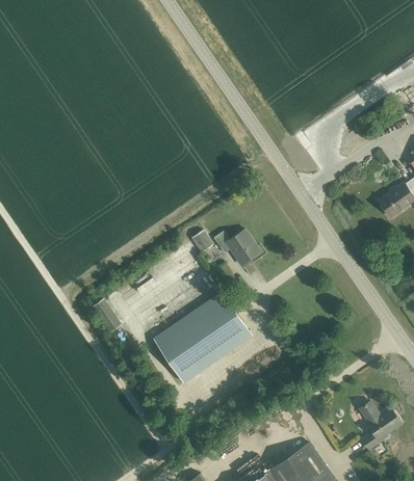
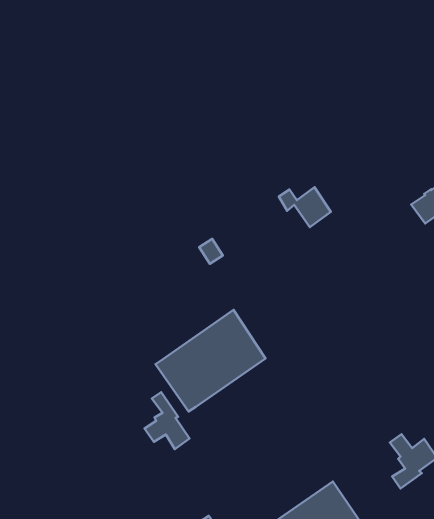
building: [214,230,260,265] -> [279,187,331,227]
building: none -> [145,392,190,449]

